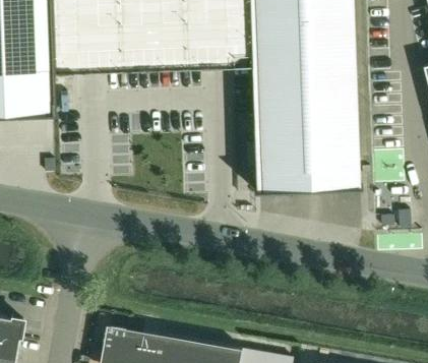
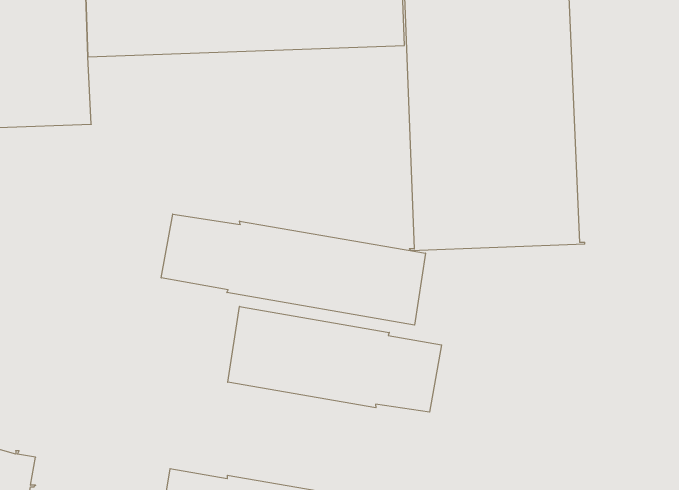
building: none -> [161,214,425,325]
building: none -> [228,306,442,412]

